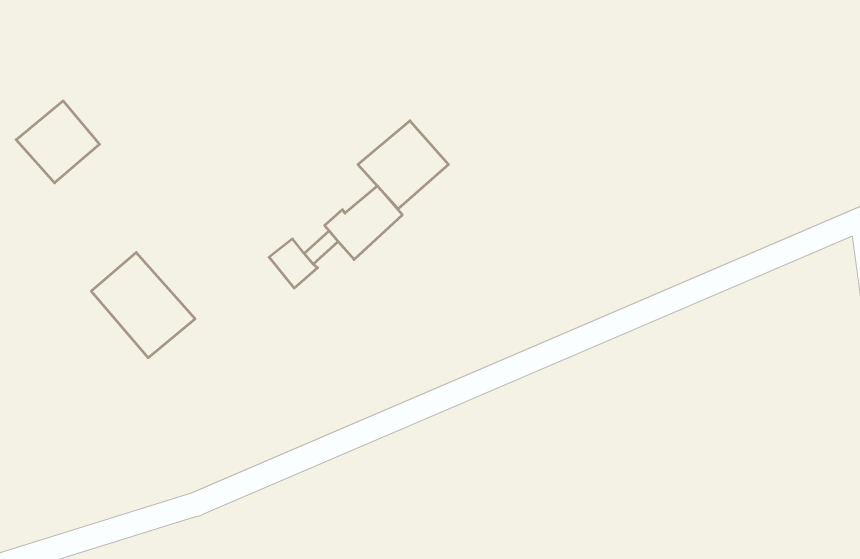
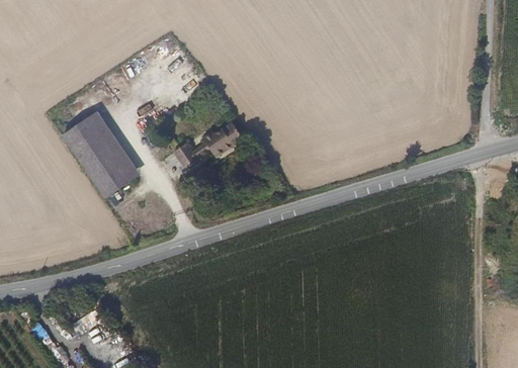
building: [16,101,100,183] -> [64,117,106,159]
building: [358,121,448,209] -> none

